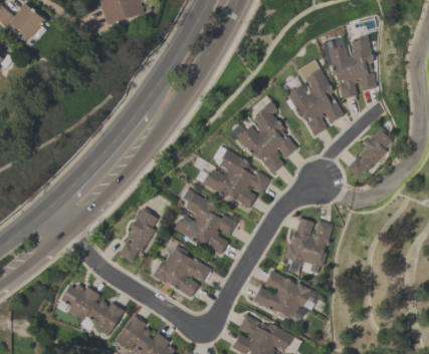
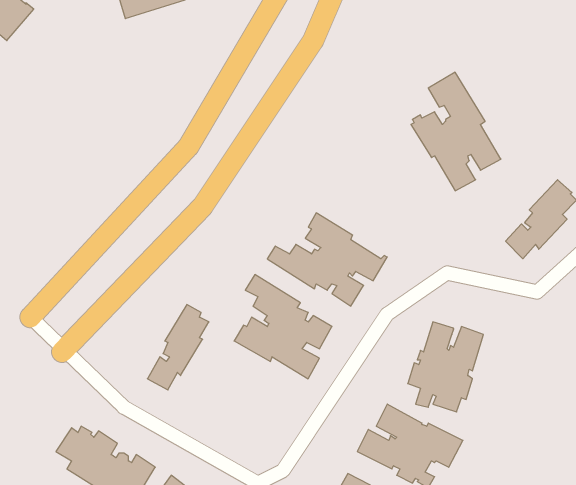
building: [321,35,376,98] -> none
building: [232,99,297,172] -> none
building: [154,245,211,296] -> none

